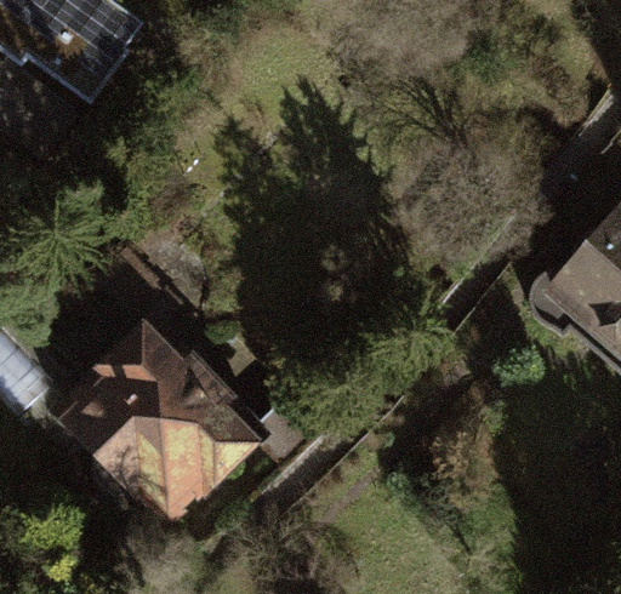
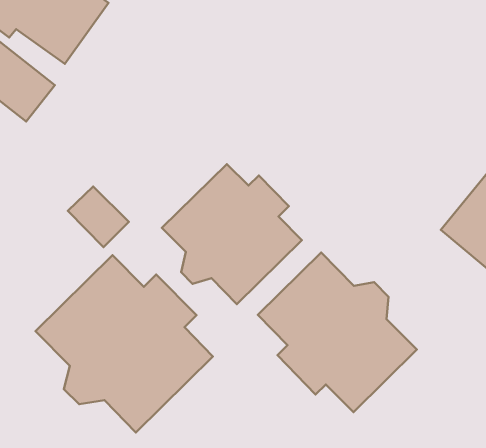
building: none -> [162,164,302,304]
building: none -> [258,252,417,412]

